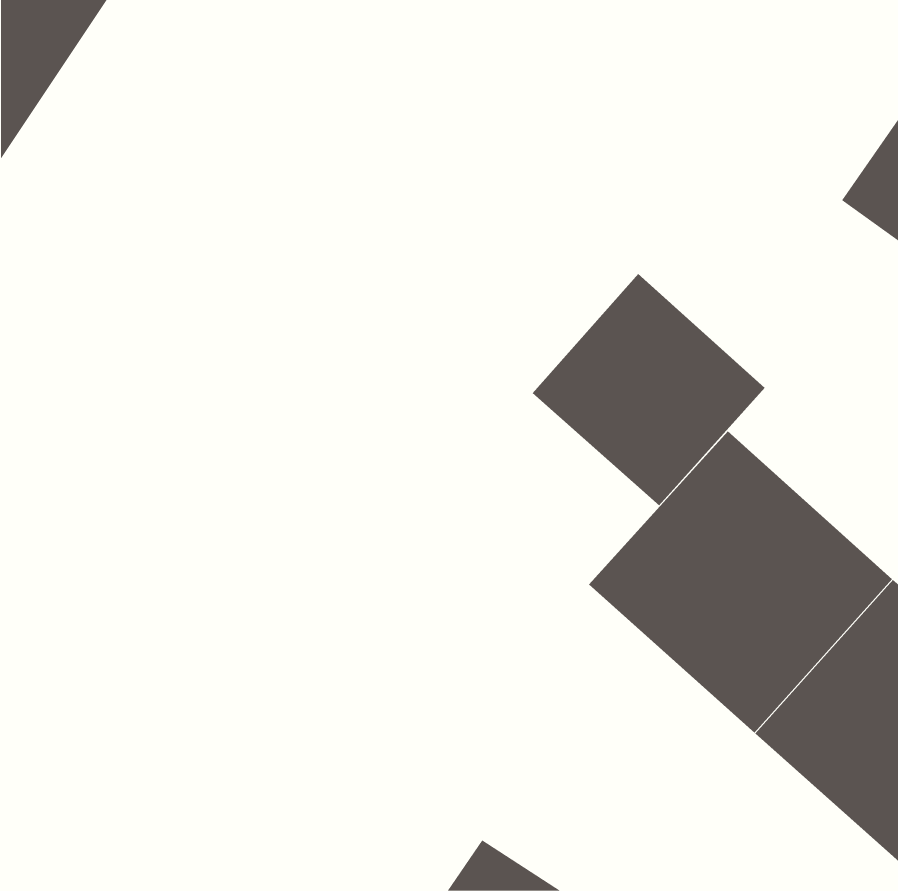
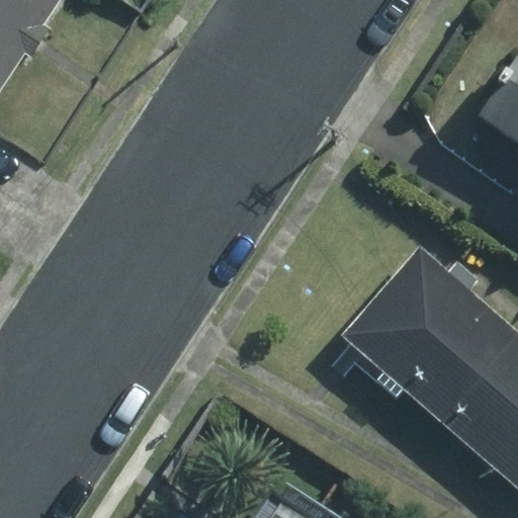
building: [532,273,765,506] -> none

